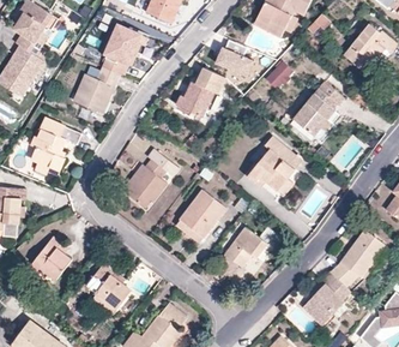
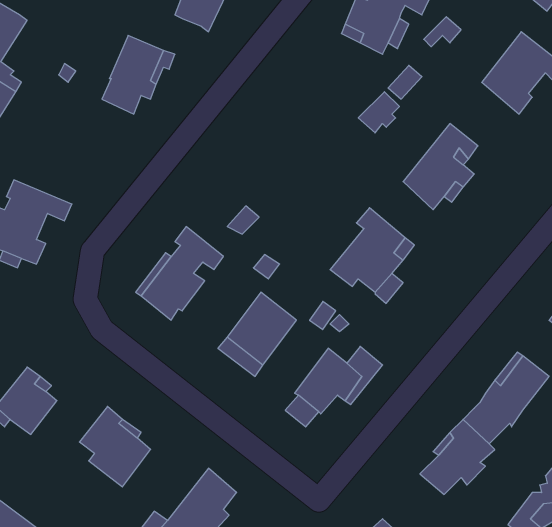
building: [214,40,253,77] -> none
building: [73,66,121,113] -> none
building: [180,67,225,118] -> none

